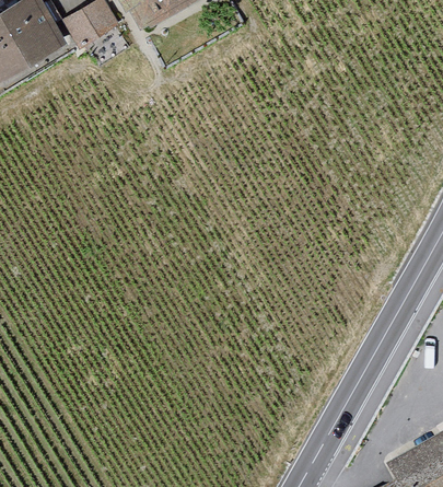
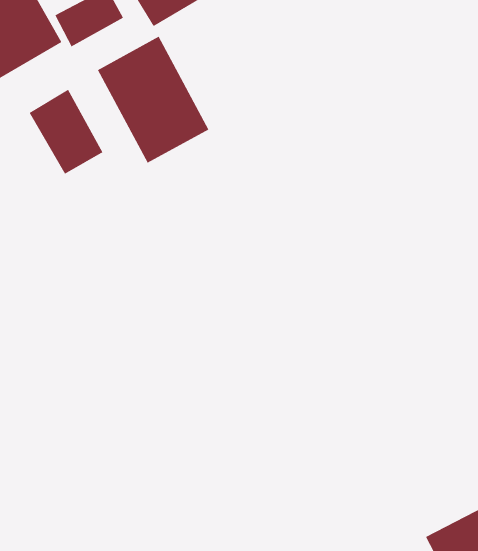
building: none -> [97,36,209,164]
building: none -> [29,89,103,174]

